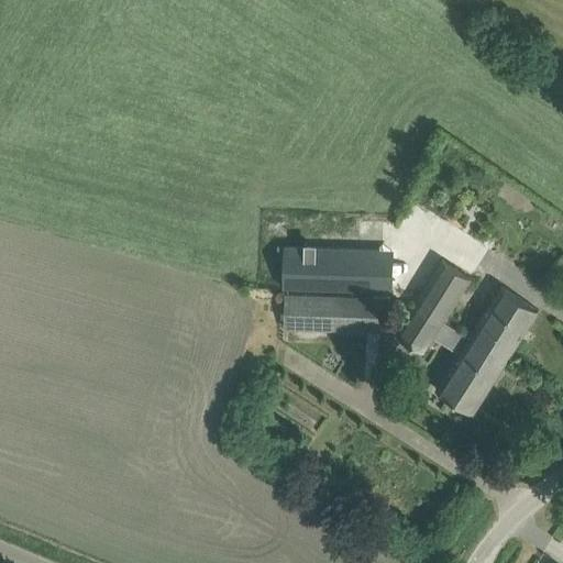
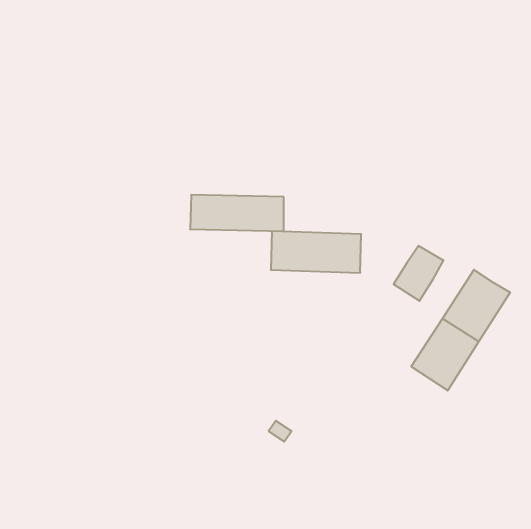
building: [286,296,385,334] -> [190,195,284,231]
building: [397,303,444,354] -> none

